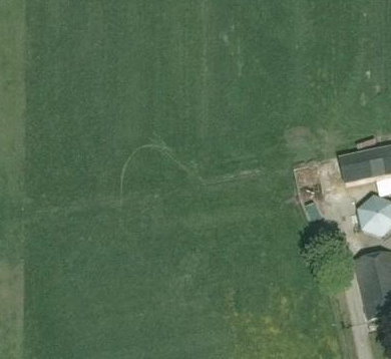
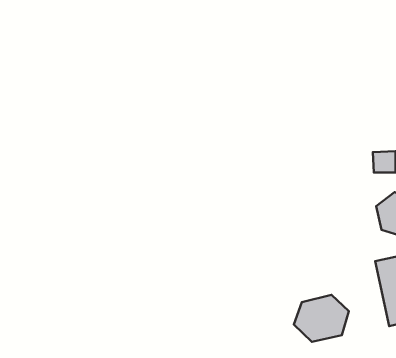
building: none -> [294,295,349,342]

